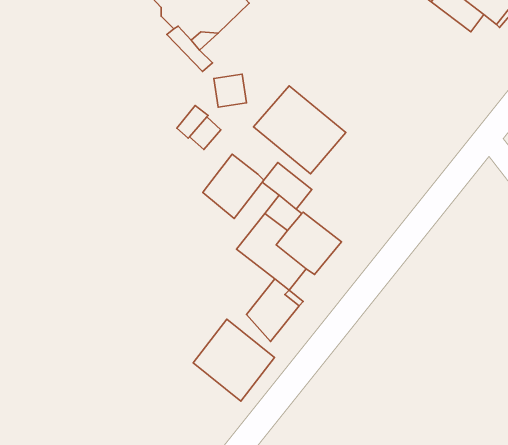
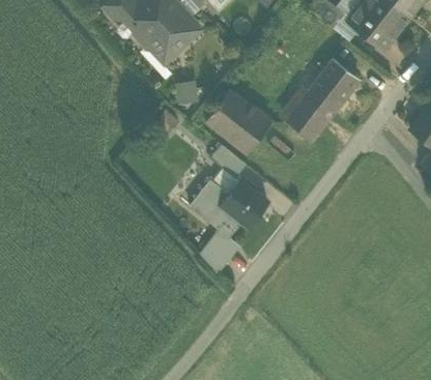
building: none -> [281,54,362,142]
building: [203,154,264,218] -> none
building: [193,319,275,401] -> none

